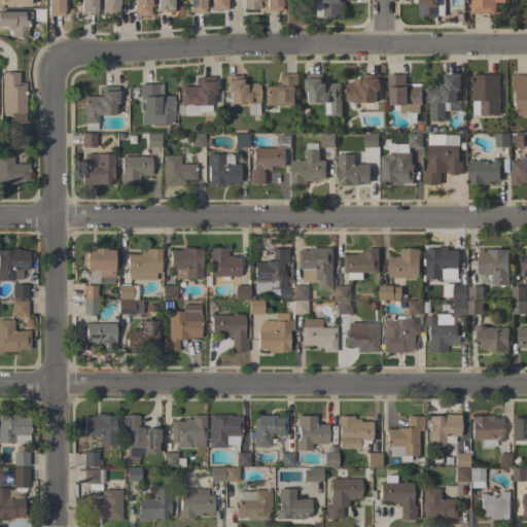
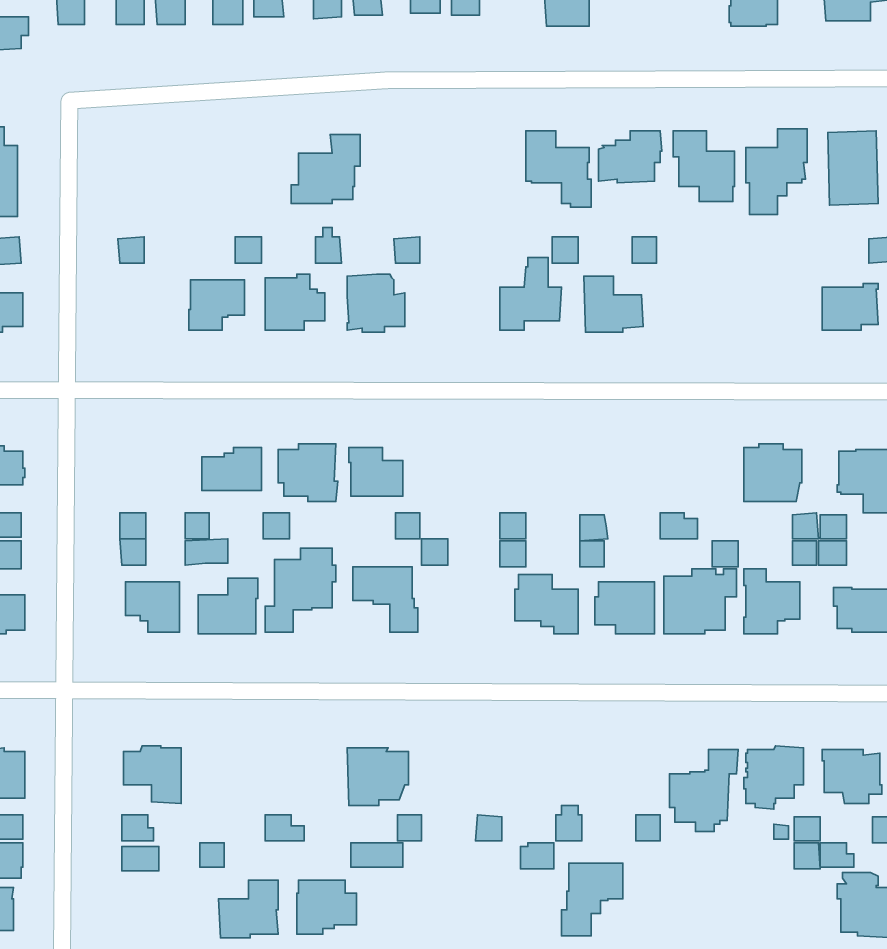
building: [266,73,301,106] -> none
building: [226,74,260,104] -> none
building: [141,83,176,125] -> none
building: [84,86,119,122] -> none
building: [382,133,424,185] -> none
building: [426,135,464,184] -> none
building: [251,148,287,184] -> none
building: [83,154,115,185] -> none
building: [83,248,115,283] -> none
building: [302,248,335,289] -> none
building: [346,248,381,279] -> none
building: [255,249,292,297] -> none
building: [391,249,422,278] -> none
building: [258,313,293,353] -> none
building: [172,415,206,447] -> none
building: [254,415,287,447] -> none
building: [124,416,160,456] -> none
building: [296,416,328,450] -> none
building: [340,416,373,448] -> none
building: [381,475,417,518] -> none
building: [278,488,312,519] -> none
building: [424,488,457,520] -> none
building: [89,490,122,520] -> none
building: [239,490,272,520] -> none

